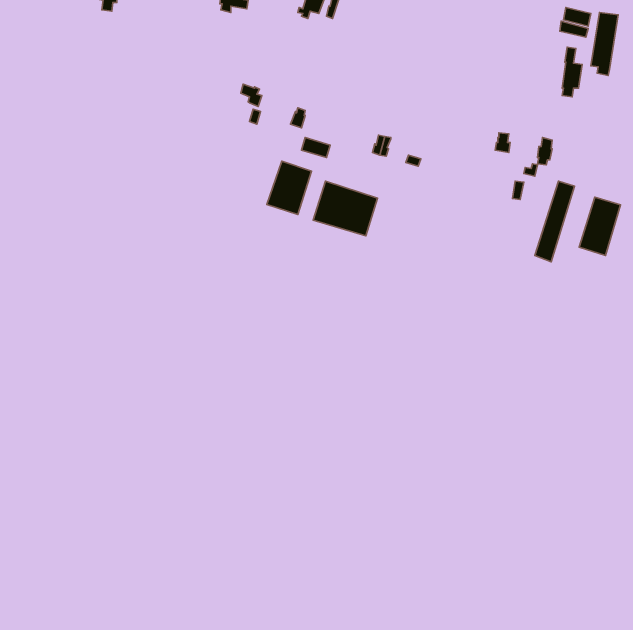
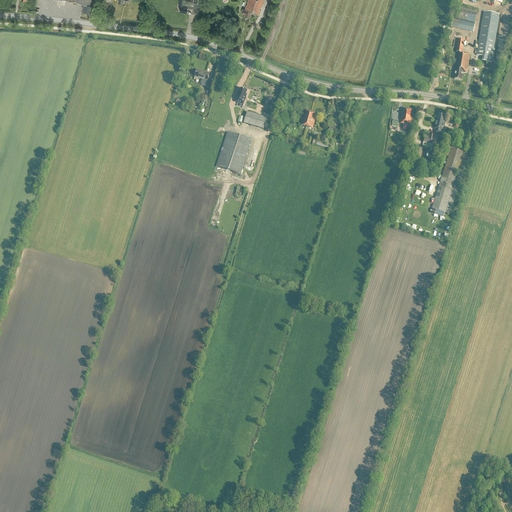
building: [313,181,377,236] -> none
building: [579,197,620,255] -> none

